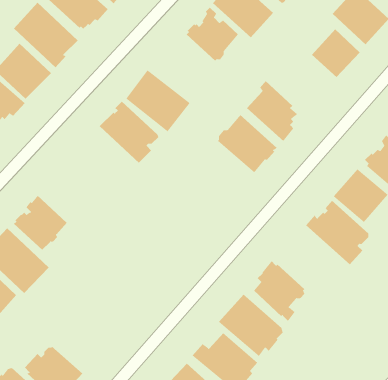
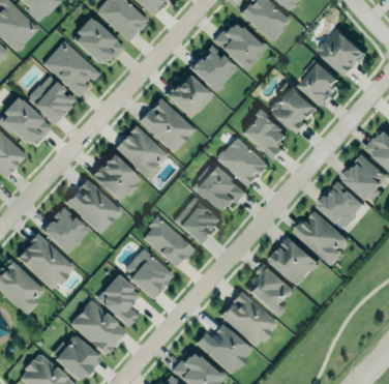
building: none -> [166,73,212,117]
building: none -> [270,86,318,134]
building: none -> [90,149,139,200]
building: none -> [190,164,244,215]
building: none -> [65,179,121,233]
building: none -> [173,197,220,244]
building: none -> [143,215,196,266]
building: none -> [268,237,318,286]
building: none -> [125,248,173,299]
building: none -> [95,275,139,328]
building: none -> [69,300,125,355]

